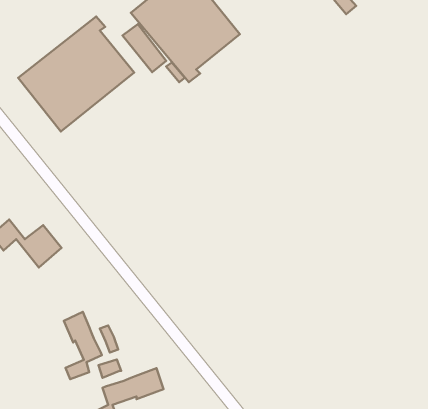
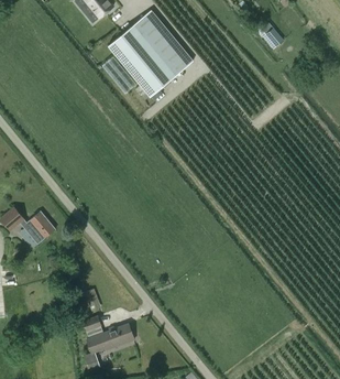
building: [18,16,134,132] -> none
building: [64,312,102,379] -> none

